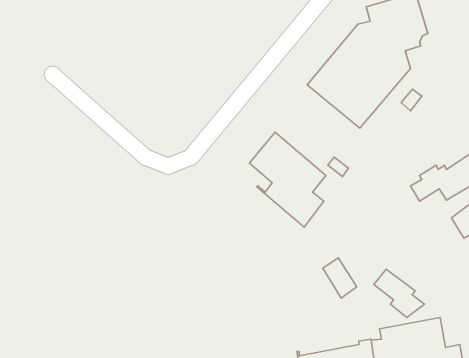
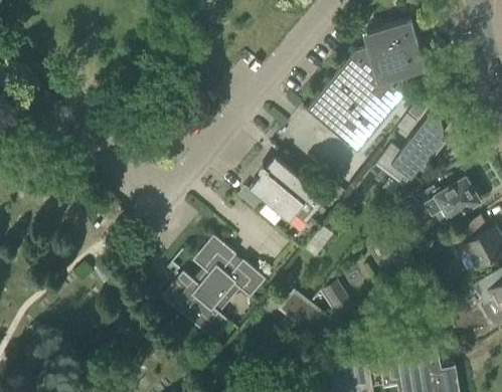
building: none -> [376,105,445,187]
building: none -> [163,234,266,340]
building: [374,269,424,317] -> [283,290,332,338]

